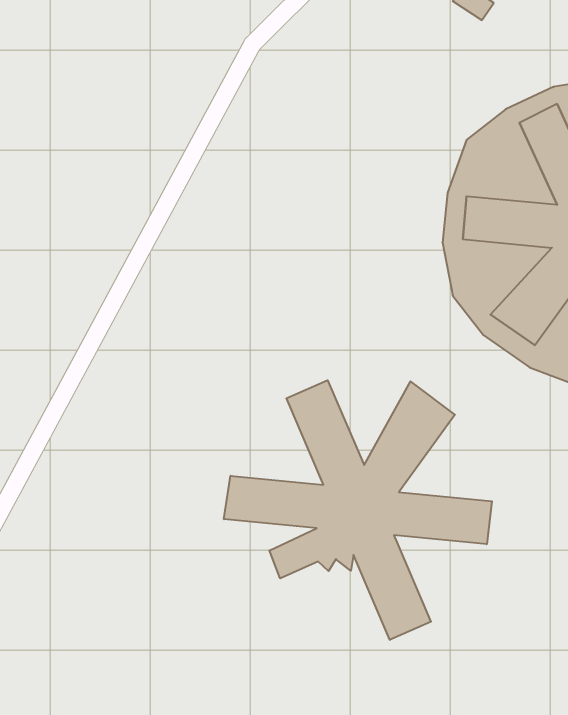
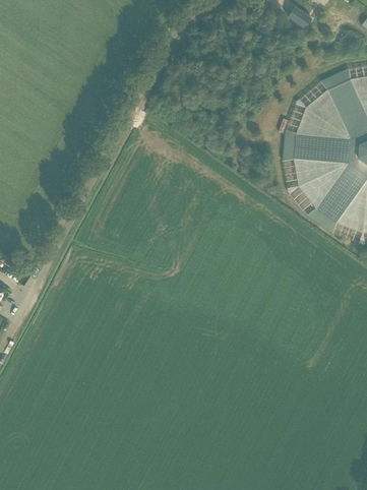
building: [224,380,492,640] -> none

